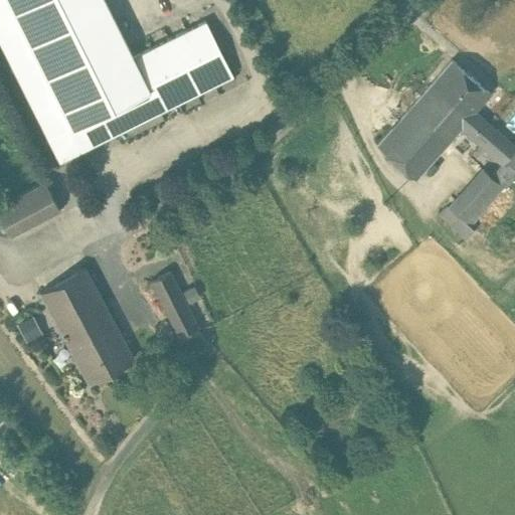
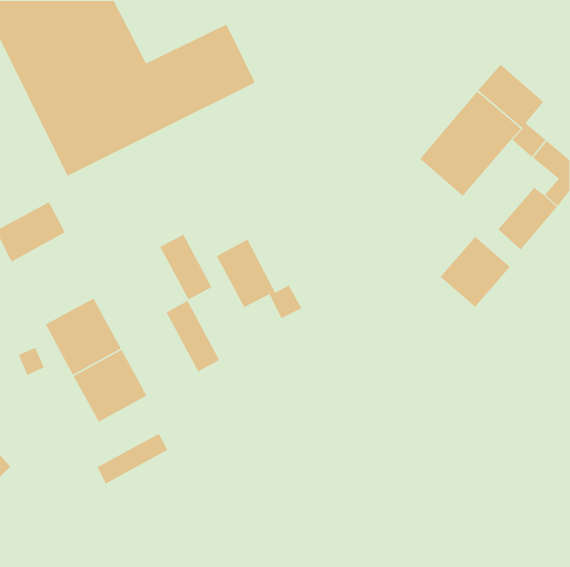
building: none -> [159,234,213,300]
building: none -> [439,236,511,308]
building: none -> [216,239,302,319]
building: none -> [96,433,168,484]

